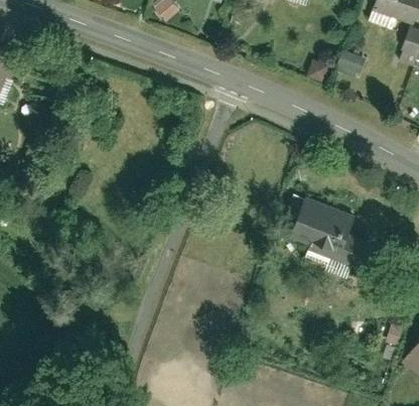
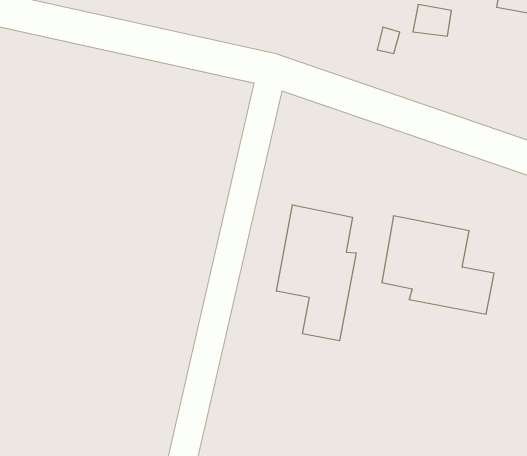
building: none -> [276,205,356,341]

